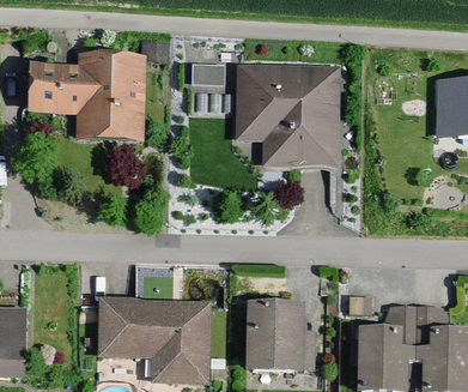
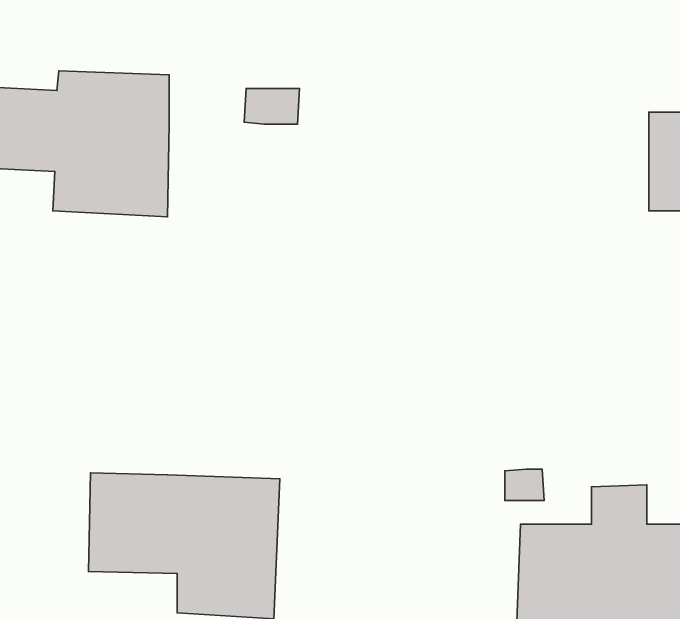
building: [235,62,342,167] -> none
building: [247,301,316,370] -> none

